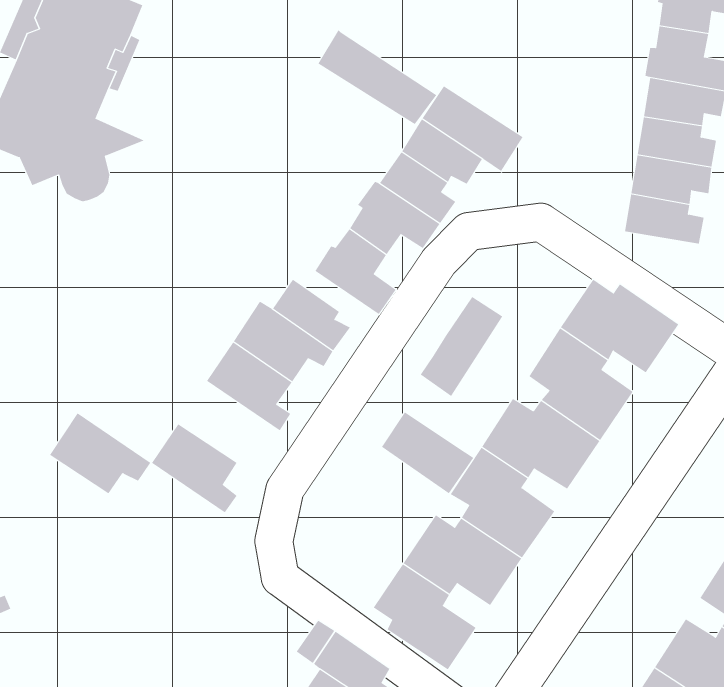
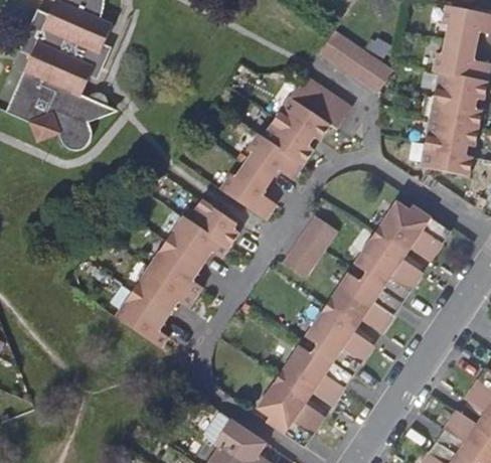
building: [318,29,437,125] -> [316,24,392,86]
building: [381,412,474,494] -> none
building: [49,412,151,494] -> [133,263,198,315]

